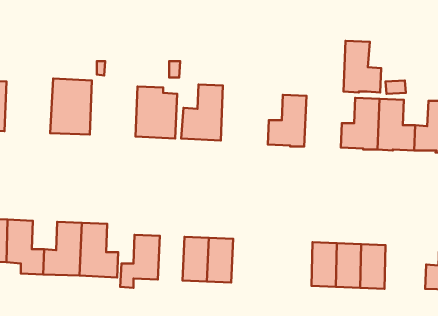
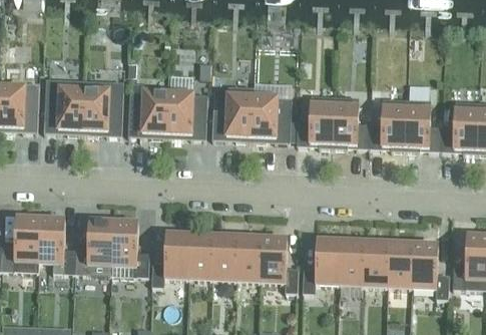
building: [344,41,381,93] -> [333,95,370,146]
building: none -> [44,77,85,132]
building: none -> [128,85,168,135]
building: none -> [251,85,292,140]
building: none -> [188,234,214,278]
building: none -> [261,237,298,291]
building: none -> [303,239,341,291]
building: none -> [412,243,449,297]

